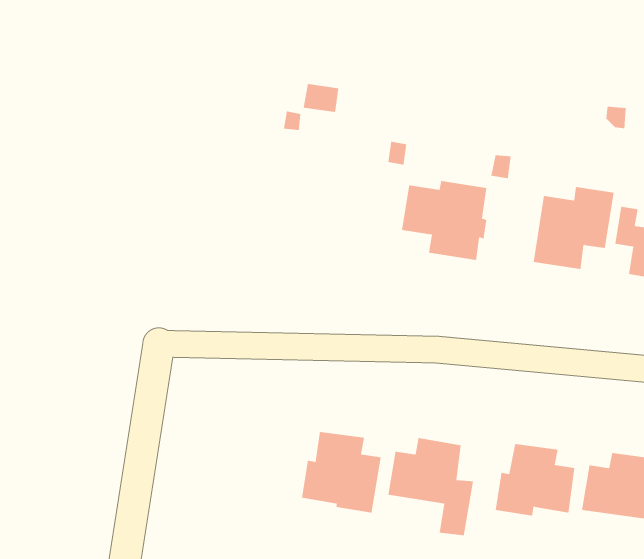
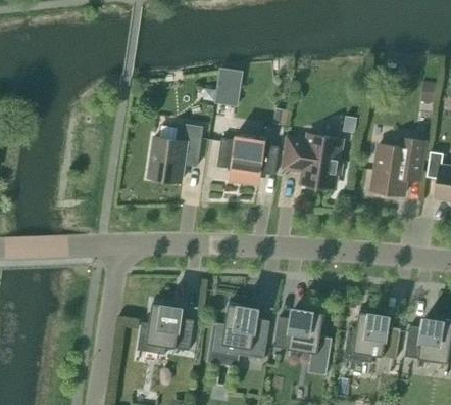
building: none -> [148,124,202,182]
building: none -> [216,134,279,179]
building: none -> [139,303,194,354]

